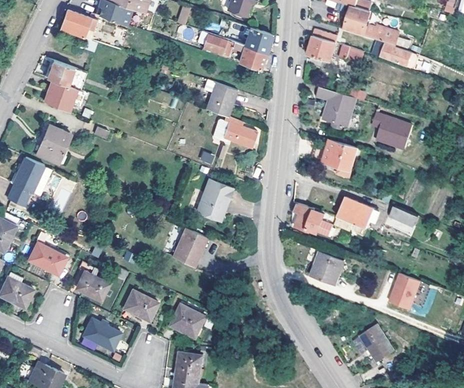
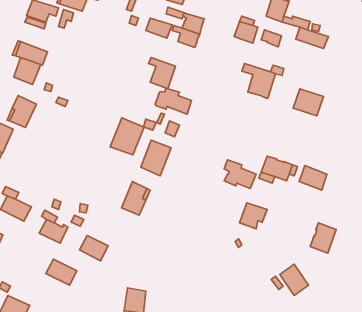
building: [312,140,357,175] -> none
building: none -> [110,118,144,155]
building: [170,304,205,337] -> none

